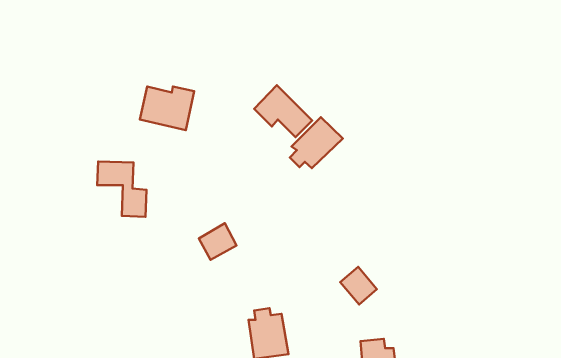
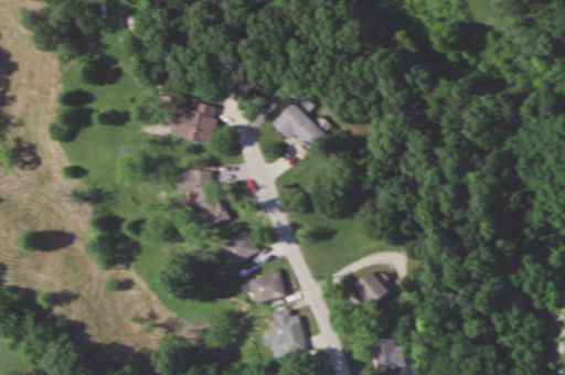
building: [290,117,343,168] -> none
building: [97,161,147,217] -> [178,170,224,222]
building: none -> [249,272,285,303]

